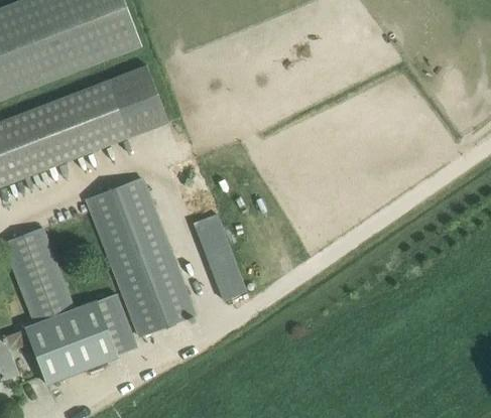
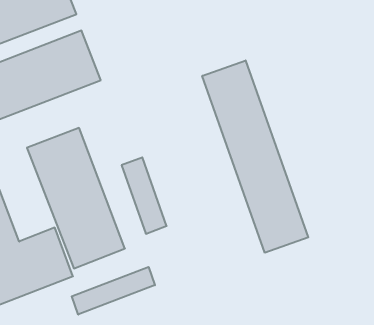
building: none -> [202,60,308,253]
building: none -> [72,267,155,315]

